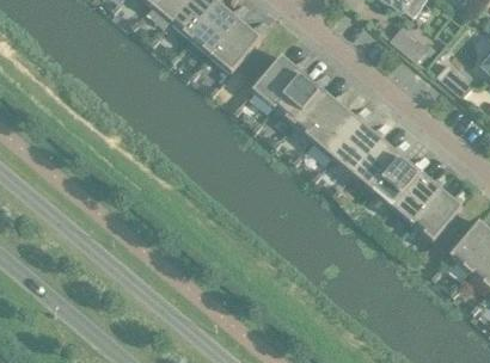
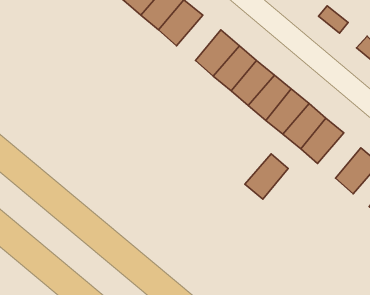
building: [391,171,440,222] -> [245,154,288,199]

